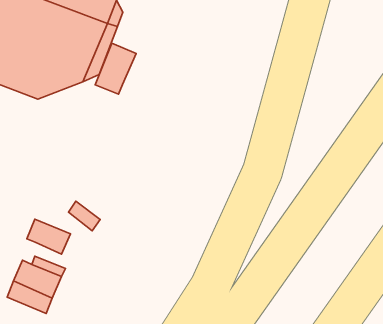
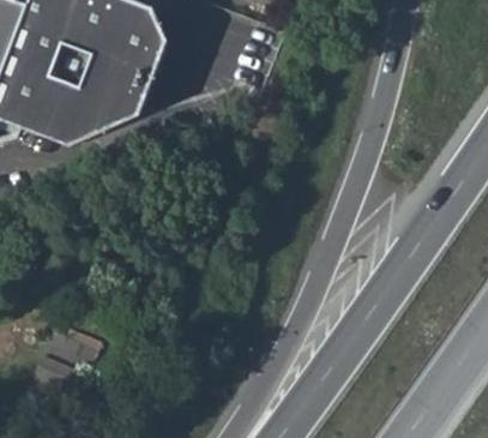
building: [95,43,136,94] -> none
building: [27,219,70,254] -> none

